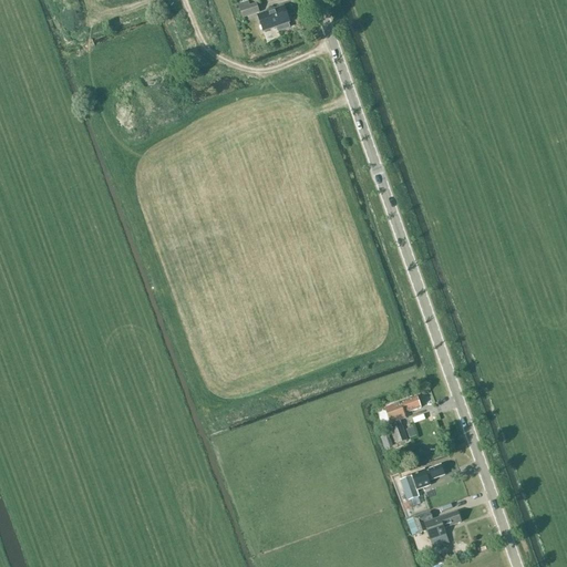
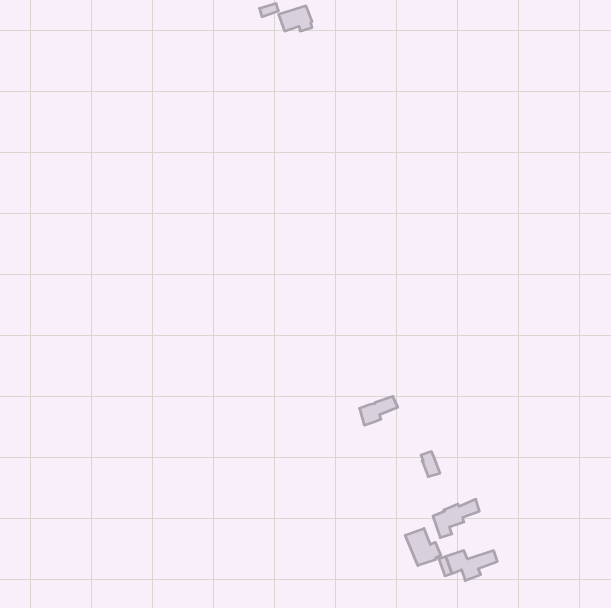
building: [385,395,421,422] -> [359,396,398,425]
building: none -> [405,528,441,566]

